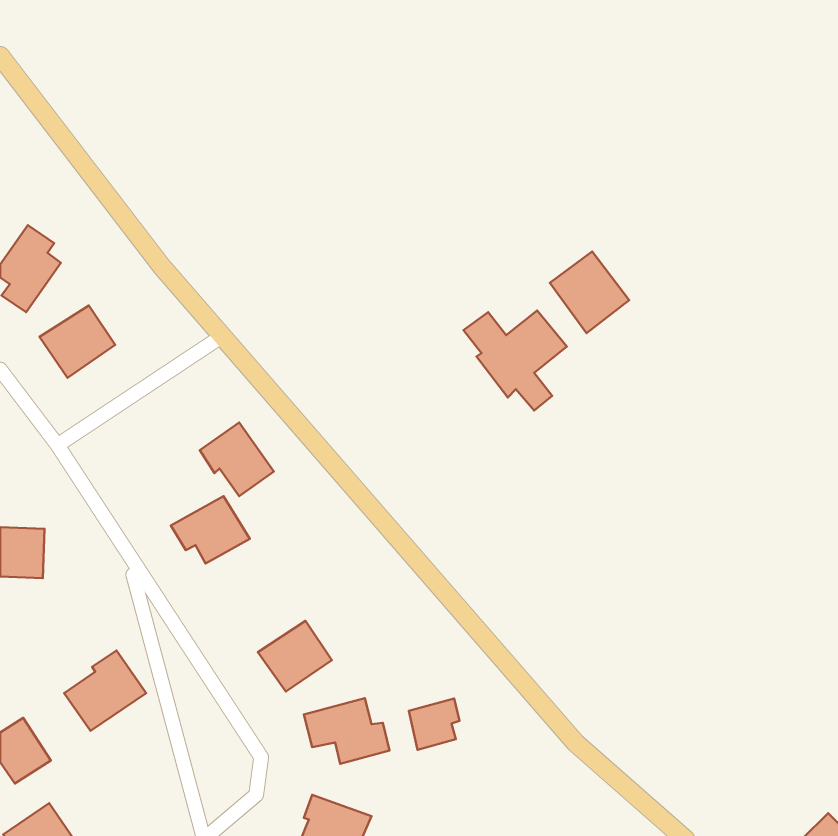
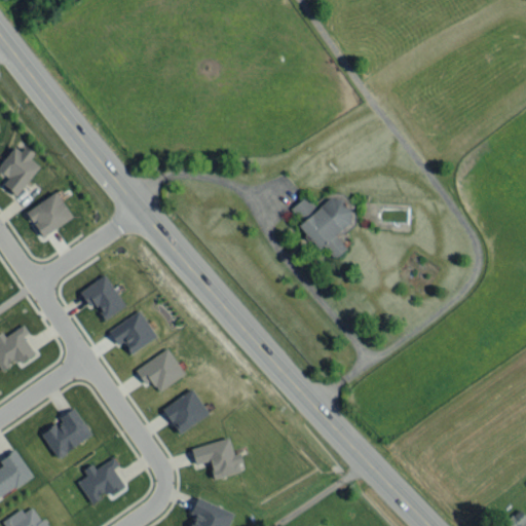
building: [550,251,629,333] -> none
building: [200,422,274,496] -> [80,275,126,322]
building: none -> [136,349,185,392]
building: [409,699,460,750] -> none
building: none -> [77,458,123,505]

